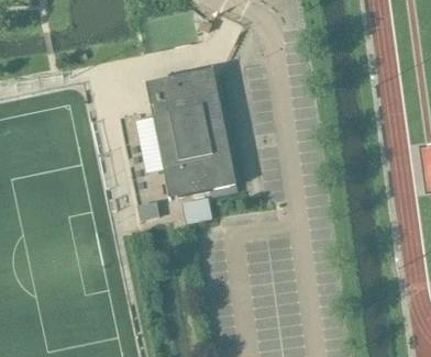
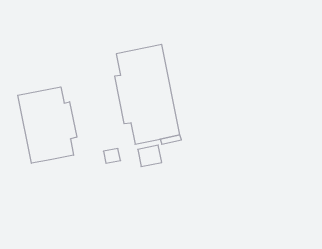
building: none -> [18,87,77,163]

